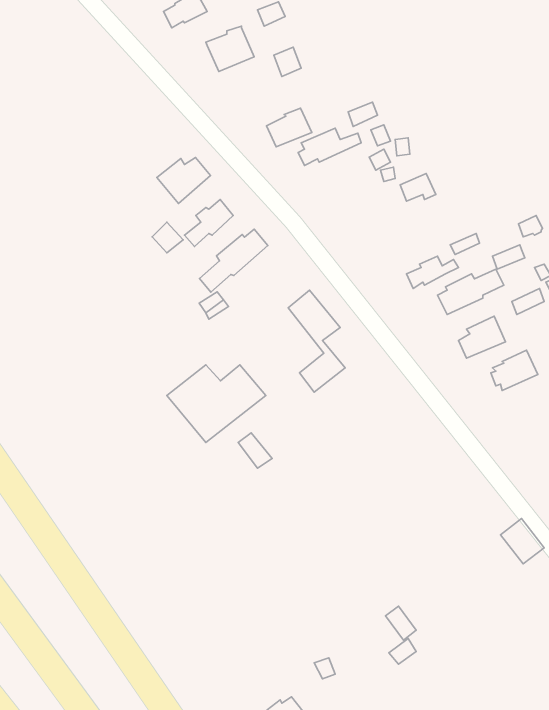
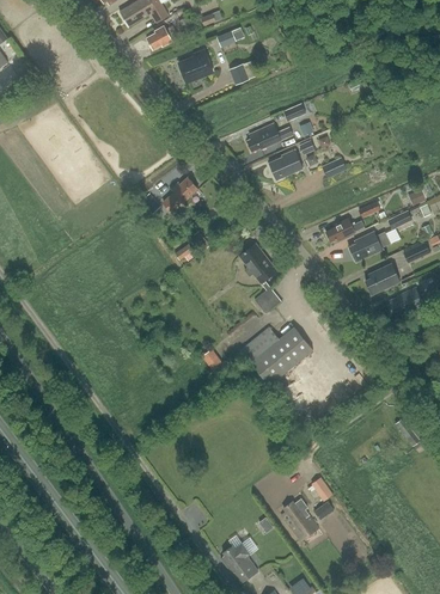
building: [266,108,312,147] -> [269,149,302,178]
building: [157,158,210,203] -> none
building: [199,229,268,292] -> none
building: [167,365,266,442] -> [240,326,313,384]
building: none -> [282,497,318,539]

